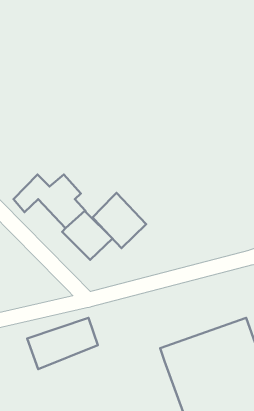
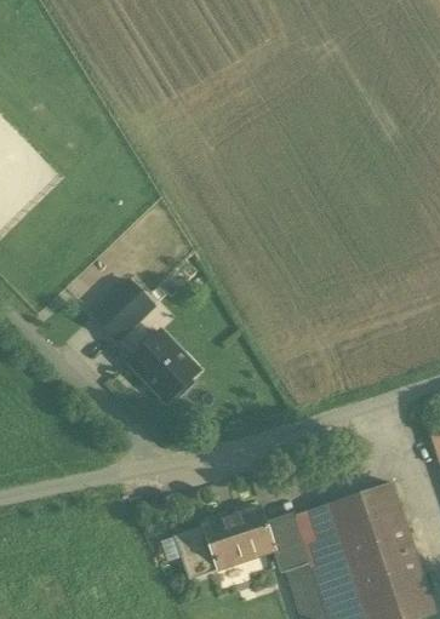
building: [92,193,146,248] -> none
building: [27,318,98,369] -> [175,508,275,580]

